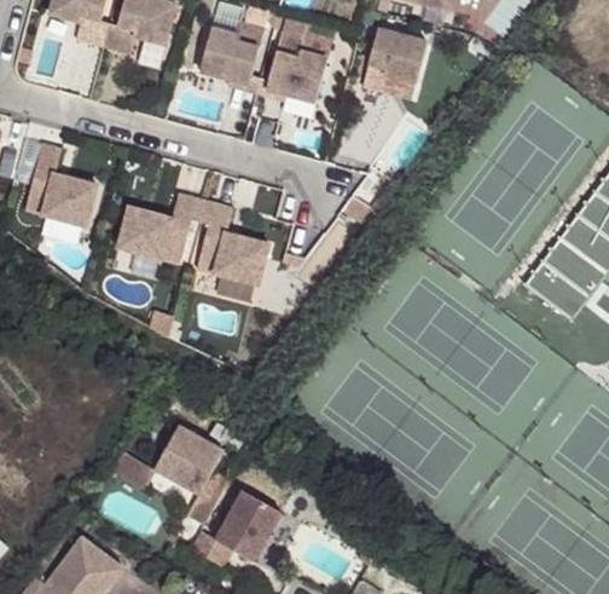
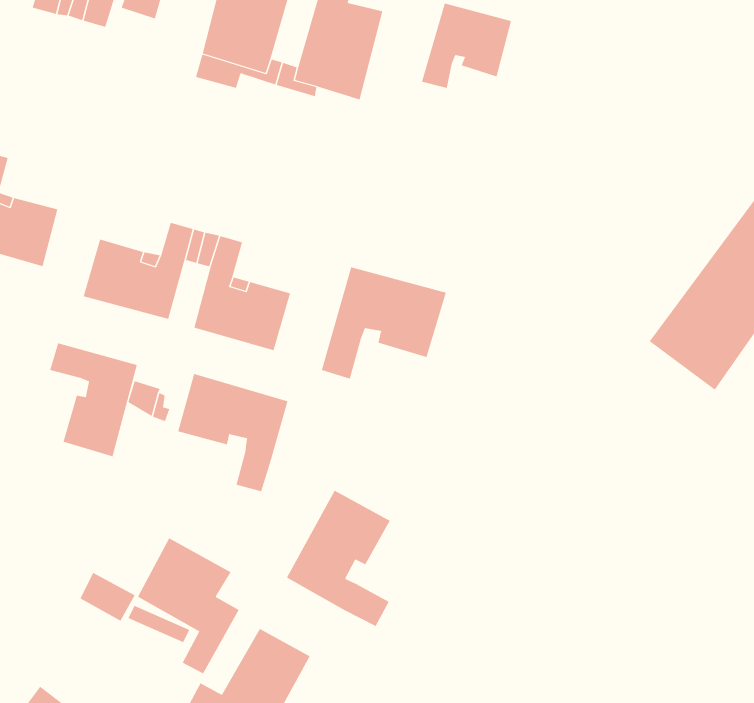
building: none -> [321,267,447,379]
building: none -> [50,342,137,457]
building: none -> [178,373,288,492]
building: none -> [286,490,390,627]

